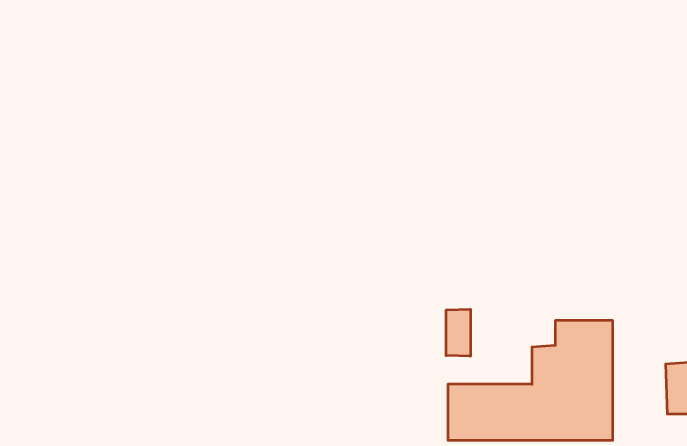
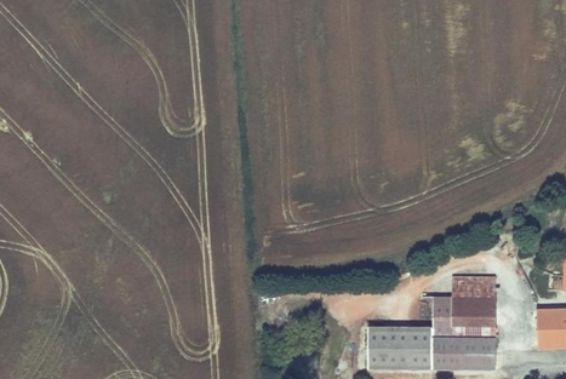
building: [446,309,470,356] -> none

